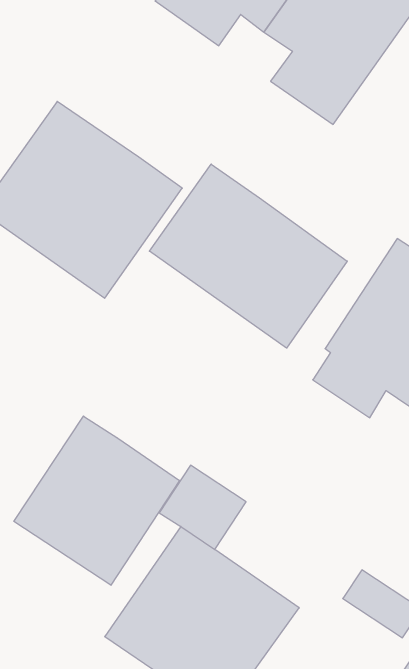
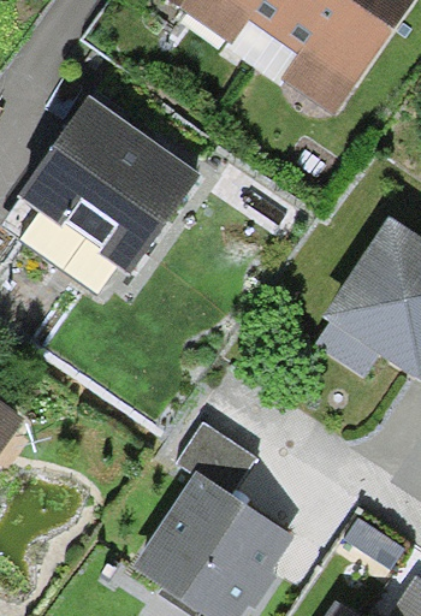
building: [149,164,347,348] -> none
building: [14,416,180,585] -> none

